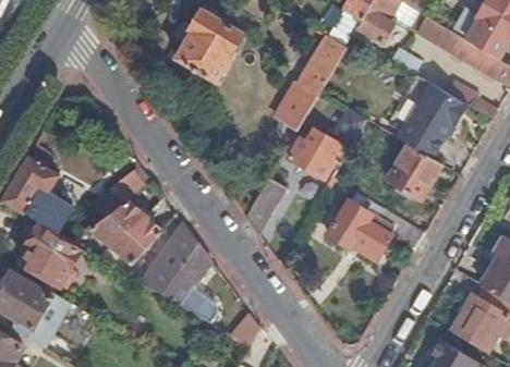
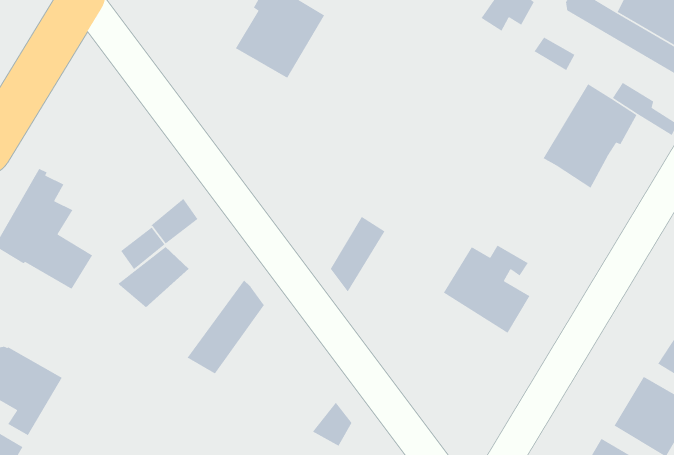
building: [276,34,347,130] -> none
building: [288,112,367,178] -> none
building: [386,145,440,199] -> none
building: [111,217,160,264] -> none
building: [21,227,78,288] -> none
building: [161,243,216,322] -> none

